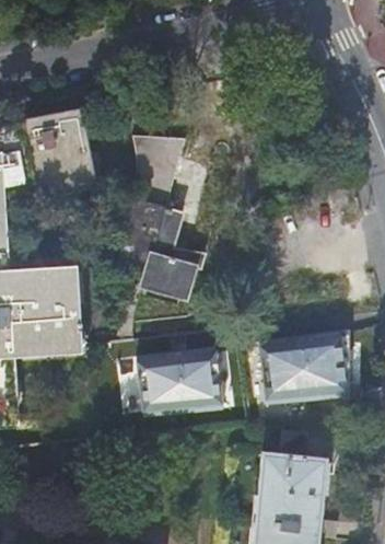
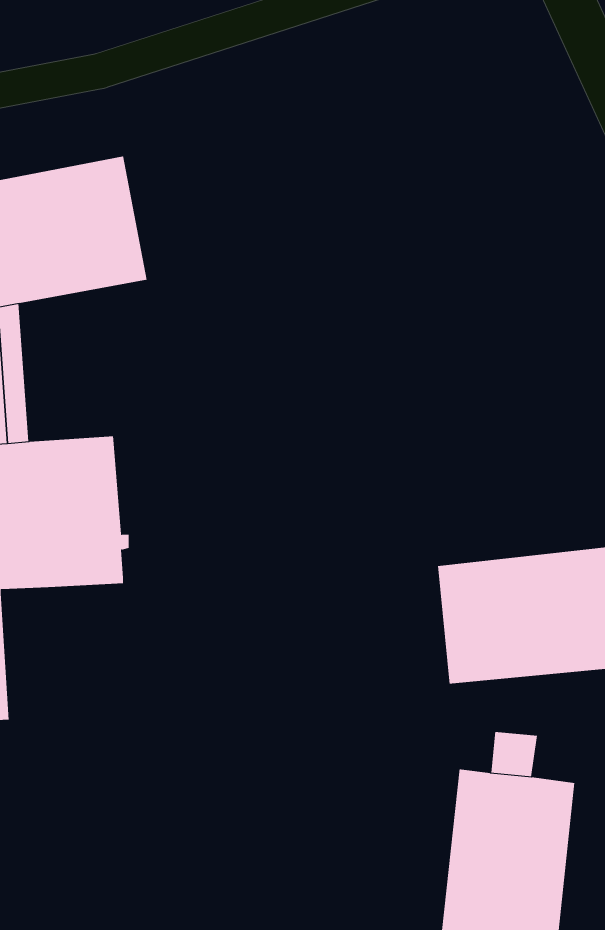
building: [118,137,197,302] -> none
building: [136,347,223,414] -> none

